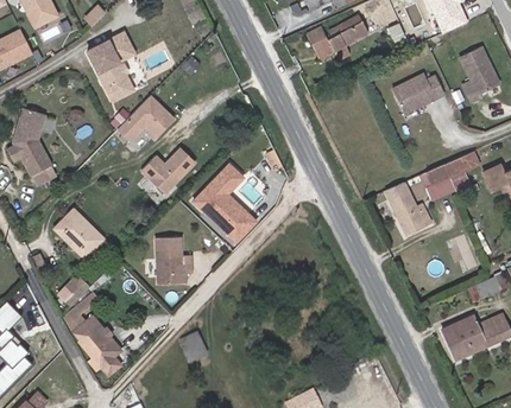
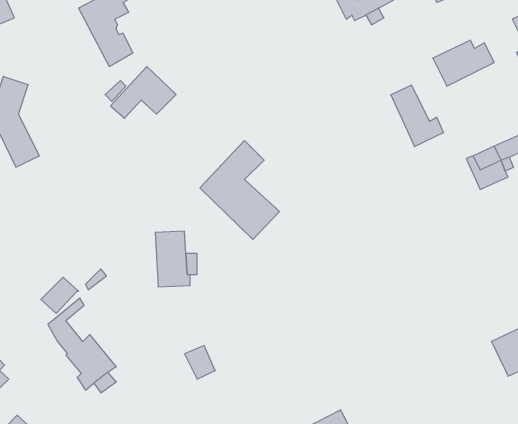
building: [140,149,194,193] -> none
building: [385,183,430,235] -> [391,85,444,147]
building: [53,210,103,259] -> none

